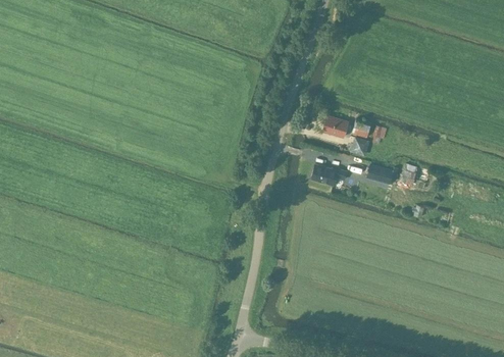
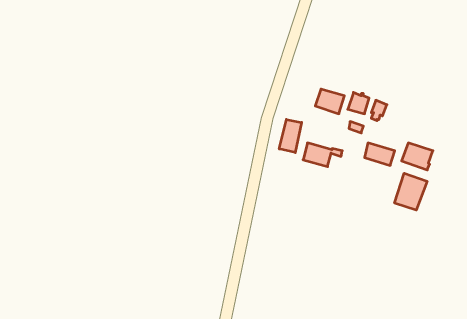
building: none -> [279,119,302,153]
building: none -> [395,173,427,210]

